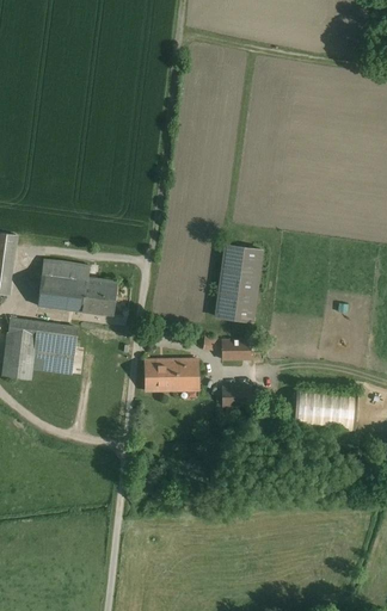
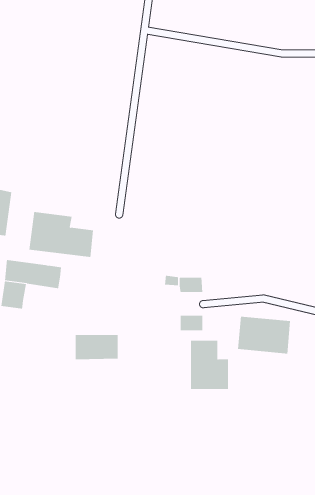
building: [215,246,260,322] -> none
building: [30,348,73,374] -> none
building: [143,360,197,391] -> [75,334,119,360]
building: none -> [191,340,229,390]

